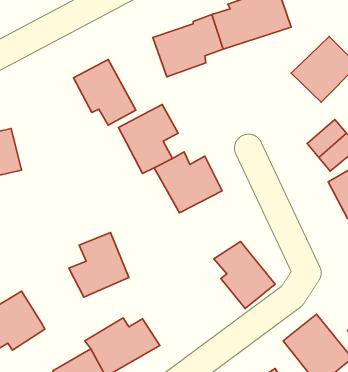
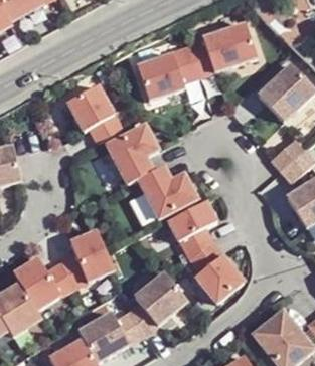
building: none -> [169,201,217,259]
building: none -> [16,262,76,315]
building: none -> [128,271,186,335]

